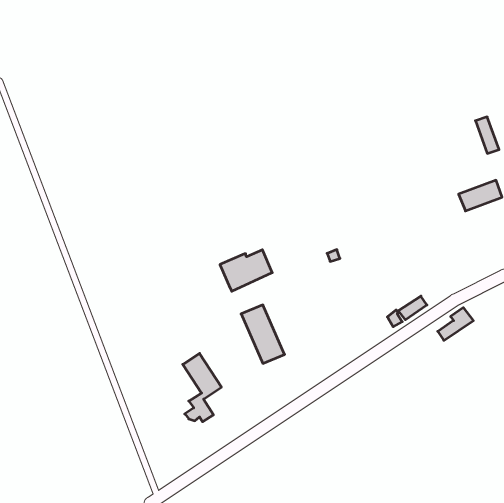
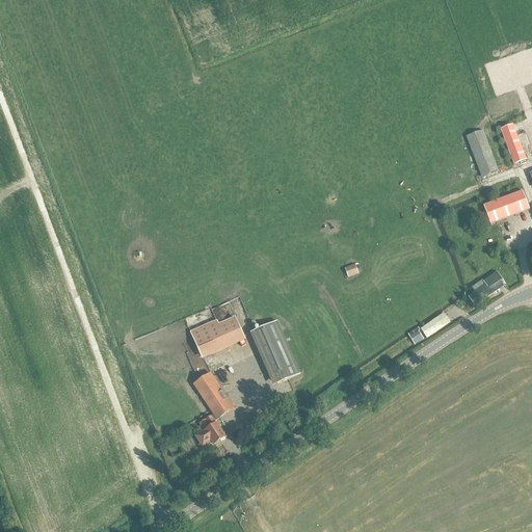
building: none -> [464,128,497,175]
building: [220,250,272,291] -> [189,314,244,357]
building: [438,308,473,340] -> [468,269,505,303]

